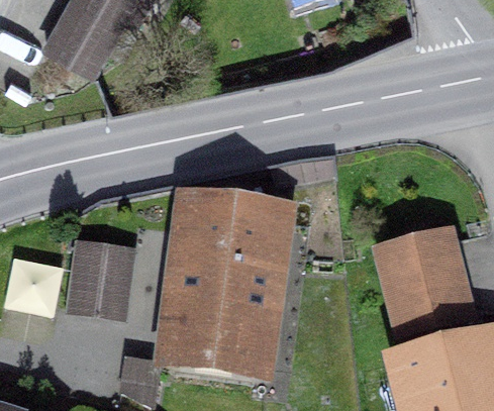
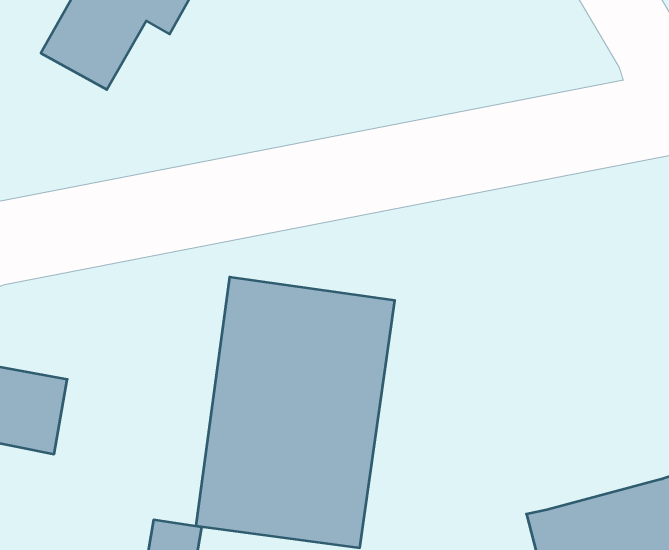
building: [372,232,478,353] -> none
building: [69,242,134,320] -> none

